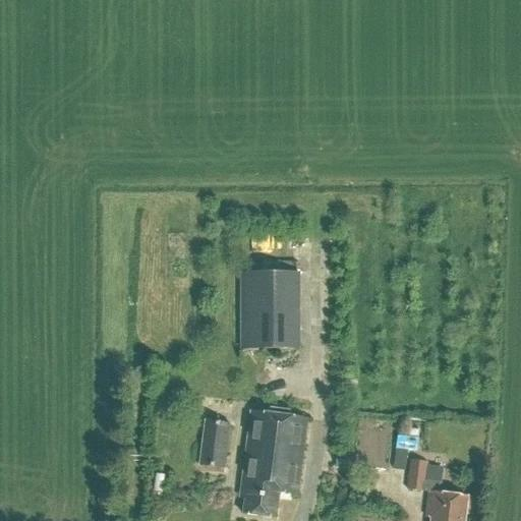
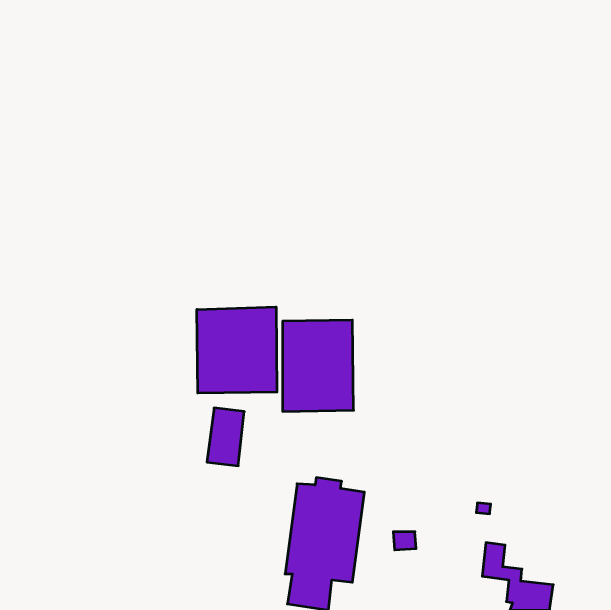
building: none -> [197,307,277,393]
building: [197,419,229,468] -> [207,408,244,466]

